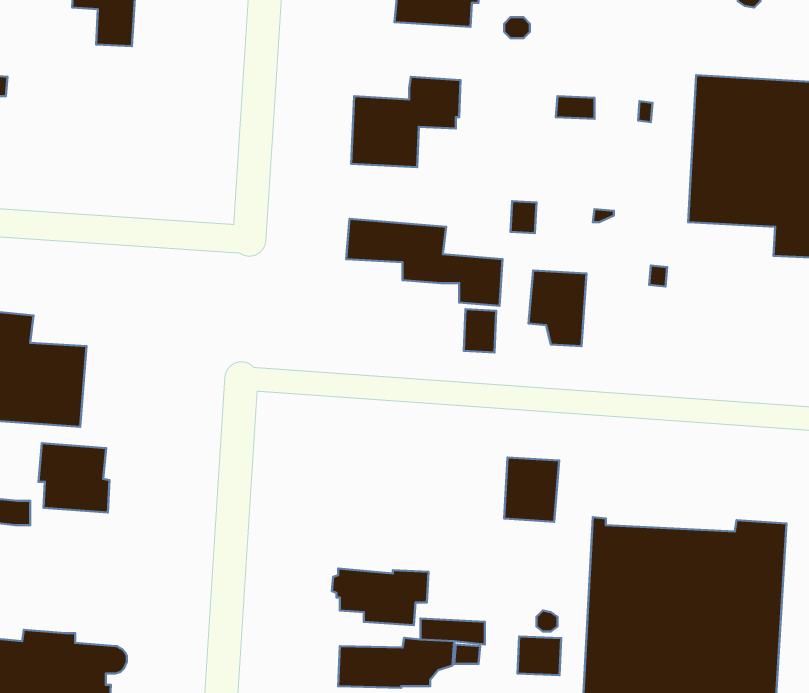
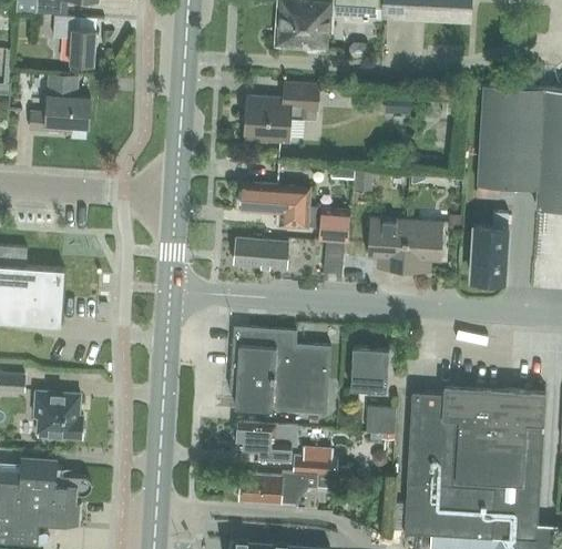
building: none -> [31,72,91,131]
building: none -> [472,212,509,285]
building: none -> [403,221,443,272]
building: none -> [234,238,288,270]
building: none -> [229,328,329,414]
building: [39,443,109,513] -> [33,393,82,440]
building: [518,636,561,675] -> [366,407,396,434]

